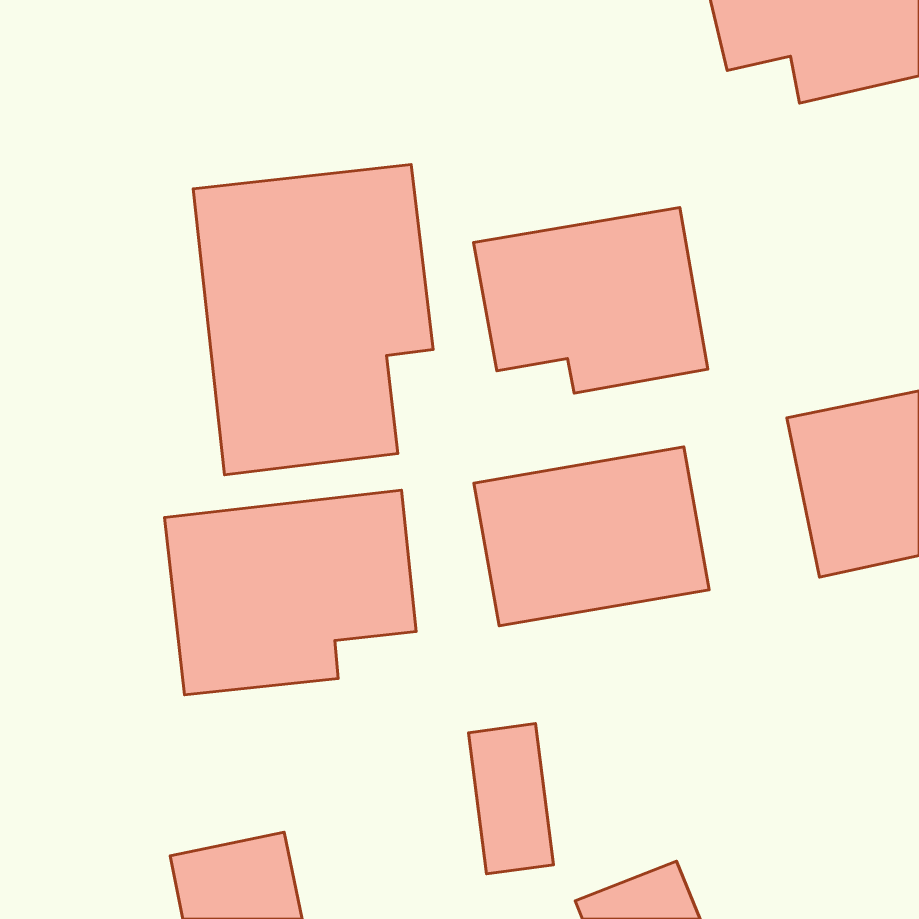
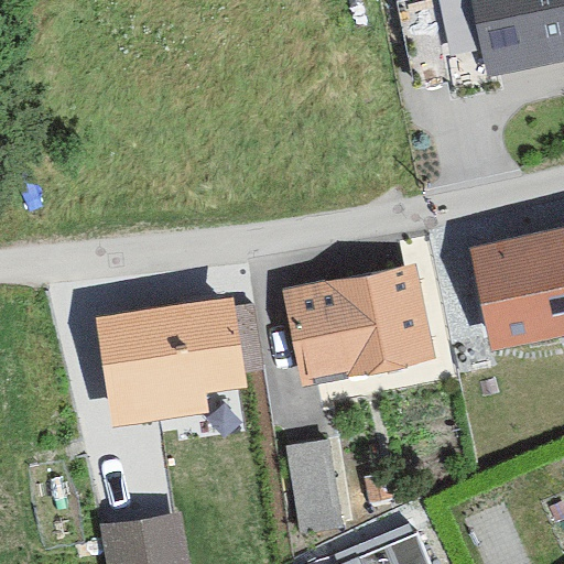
building: [193,164,433,475] -> none
building: [473,207,708,393] -> none

